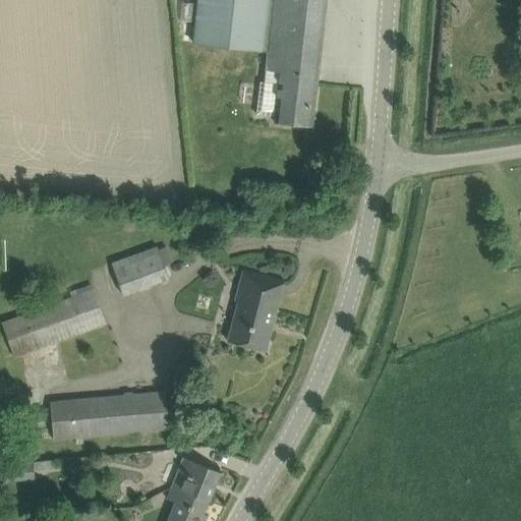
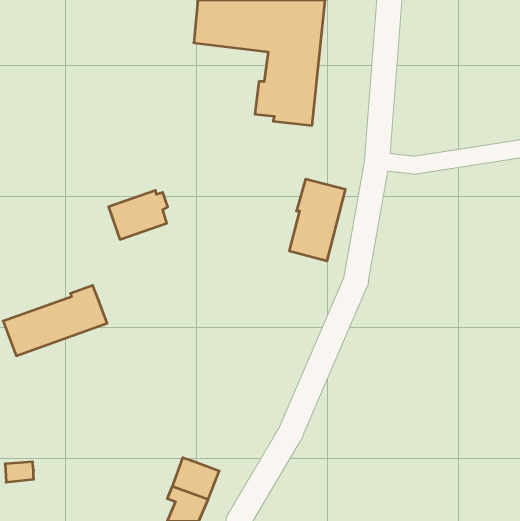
building: [112,244,171,293] -> [109,190,168,239]
building: [227,269,283,350] -> [289,179,345,261]
building: [51,388,169,441] -> none

